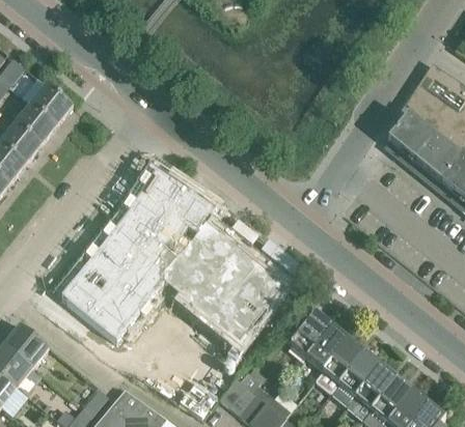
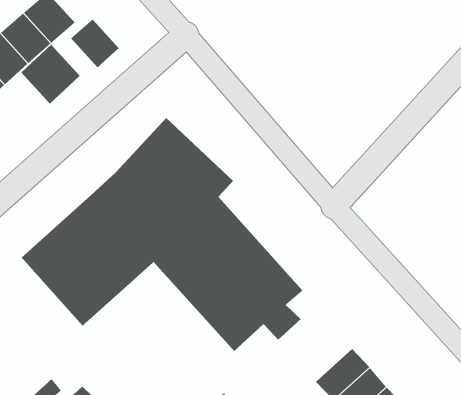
building: none -> [70,18,120,68]
building: none -> [21,44,80,105]
building: [284,314,331,359] -> none

